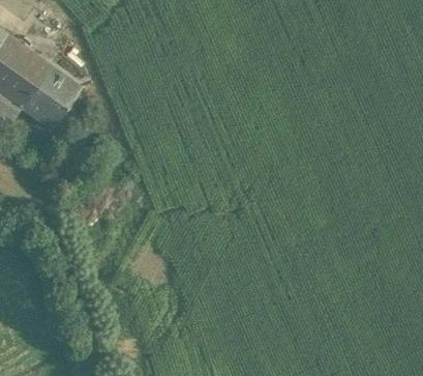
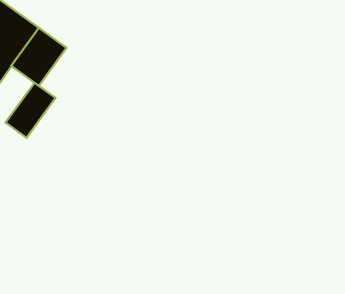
building: none -> [6,83,55,138]

